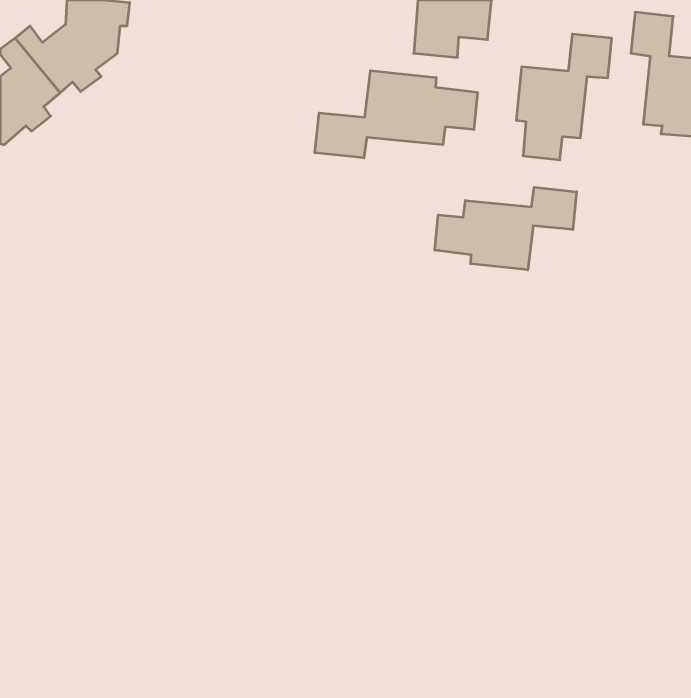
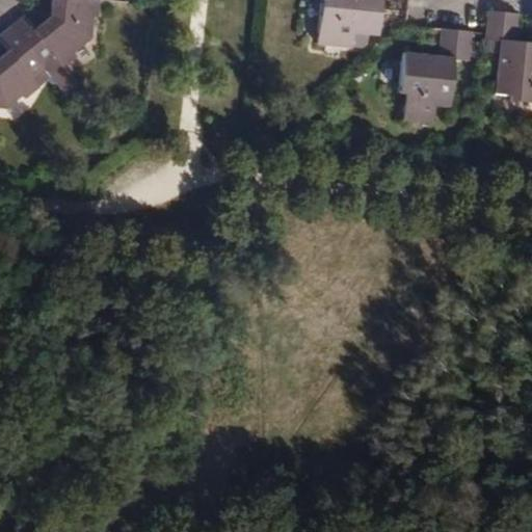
building: [315,71,477,158] -> none
building: [435,187,577,270] -> none

